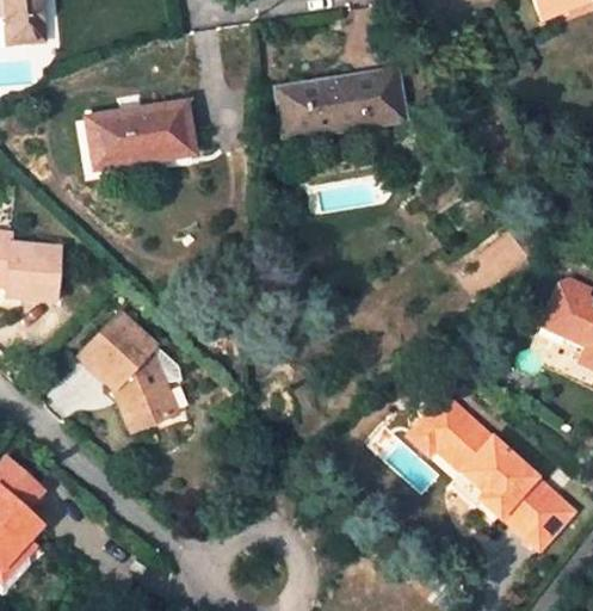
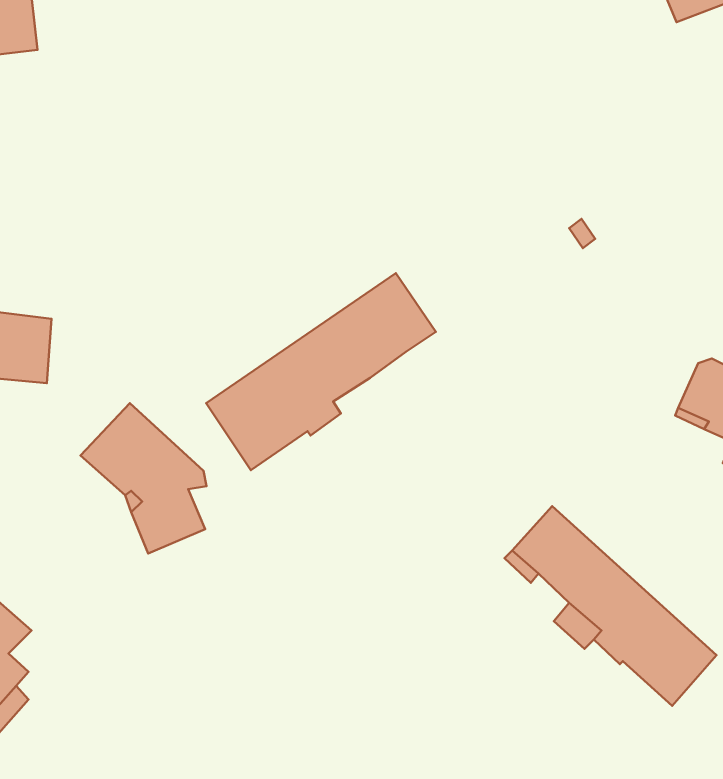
building: [279,70,401,135] -> none
building: [87,103,191,166] -> none
building: none -> [206,273,436,470]

